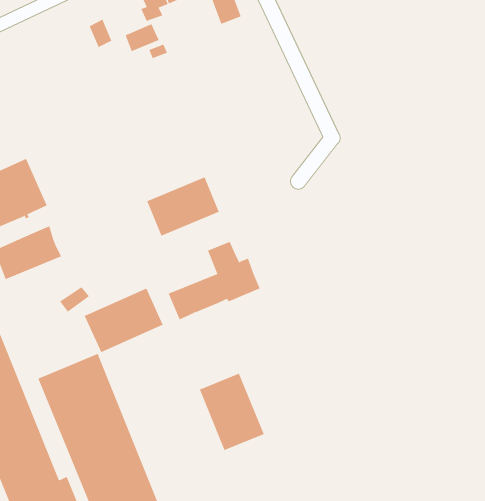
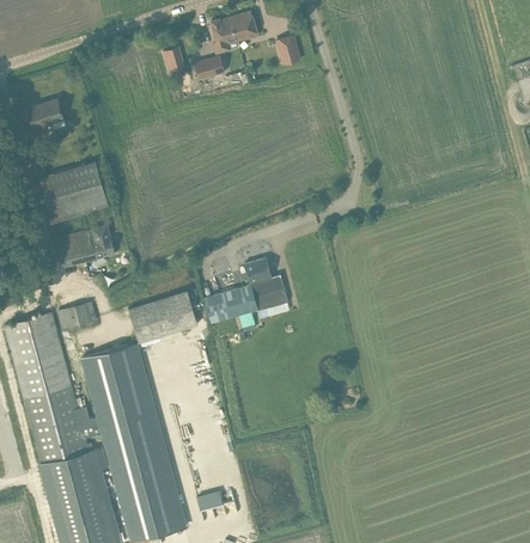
building: [147,177,219,236] -> none
building: none -> [57,301,98,331]
building: [199,373,265,451] -> none

